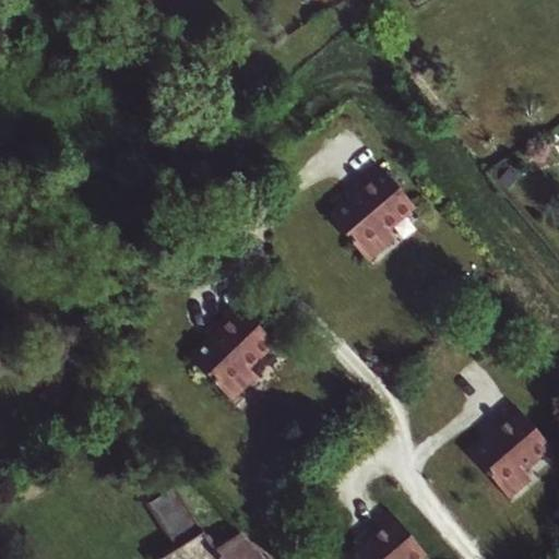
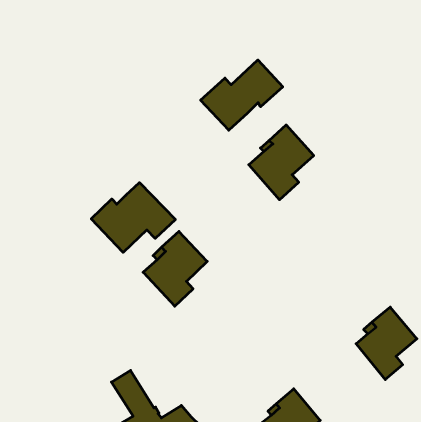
building: none -> [201,60,283,130]
building: none -> [91,183,175,252]

